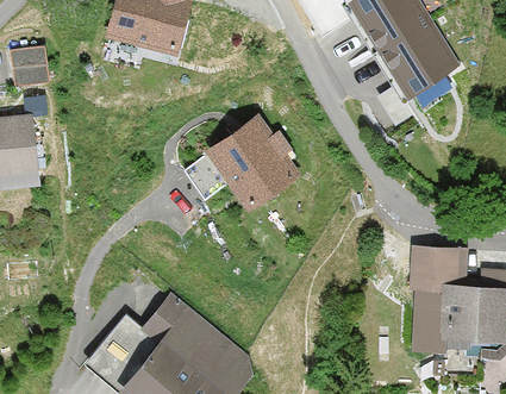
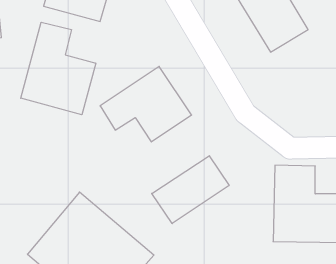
building: none -> [21,22,96,115]
building: none -> [152,156,229,224]

